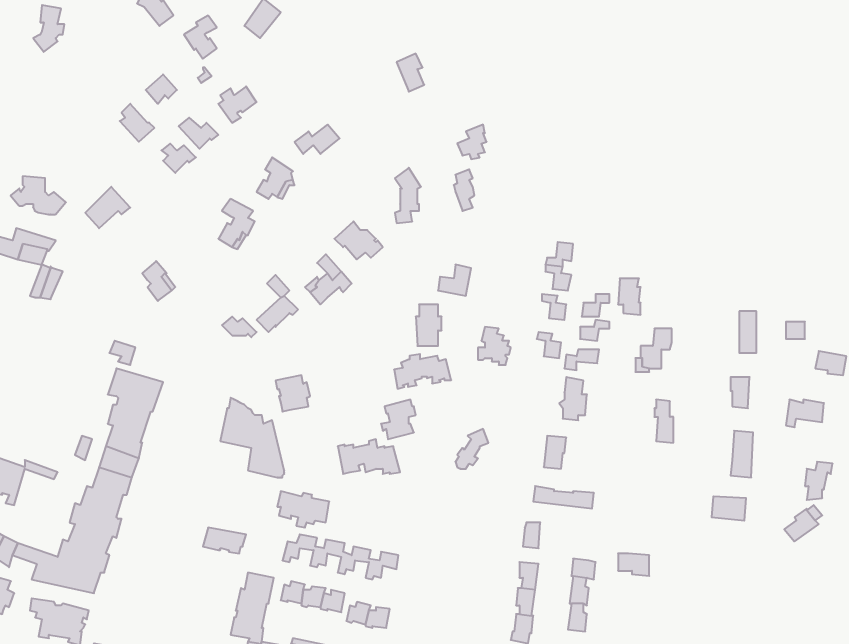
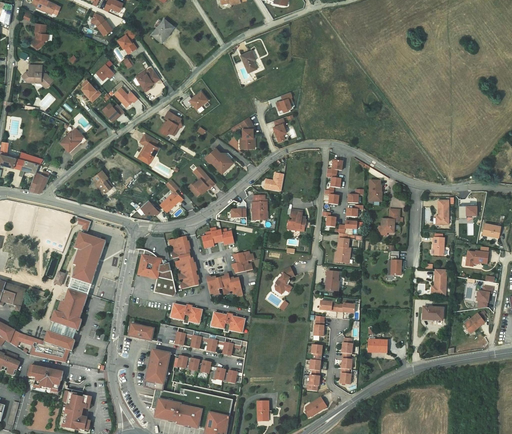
building: [11,176,66,214] -> [21,64,53,86]
building: [394,354,451,389] -> [201,227,234,247]
building: none -> [177,257,198,288]
building: none -> [212,312,244,332]

